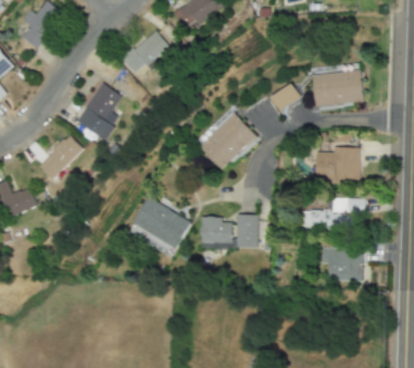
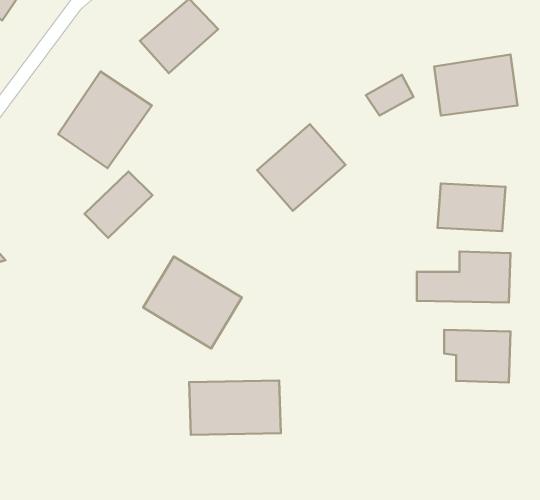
building: [39,137,83,180] -> [84,171,152,238]
building: [200,216,259,250] -> [189,381,281,435]

